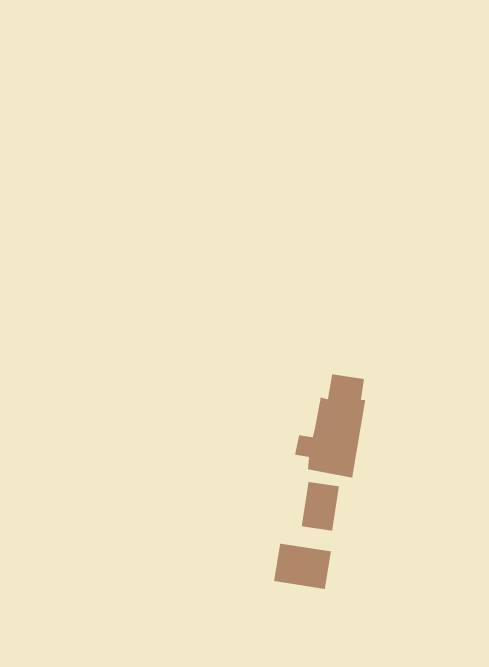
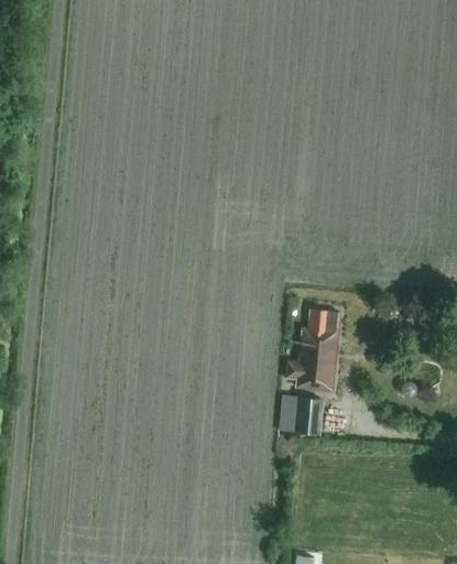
building: [273,543,332,590] -> none

